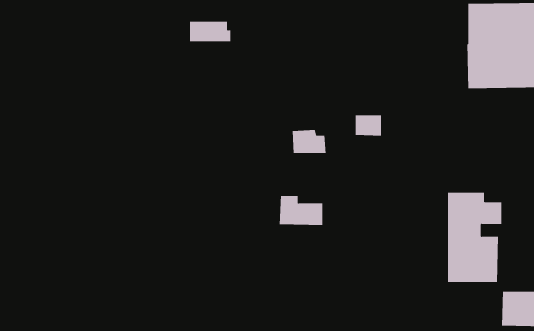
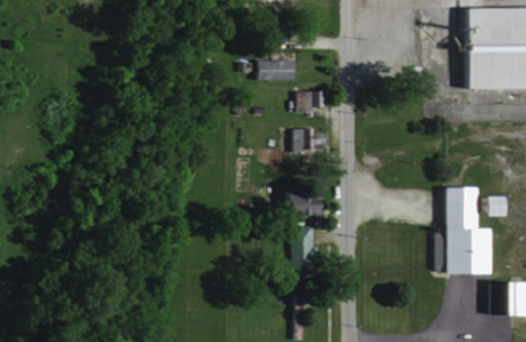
building: [189,21,231,42] -> [258,60,298,79]
building: [355,115,382,136] -> [298,90,324,111]
building: none -> [292,226,316,275]

